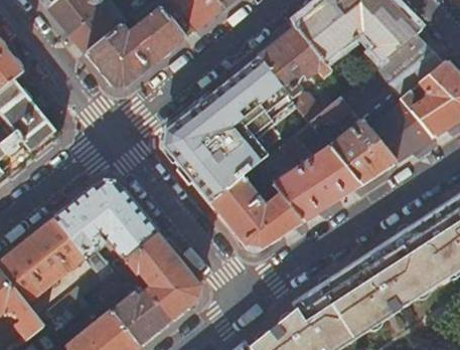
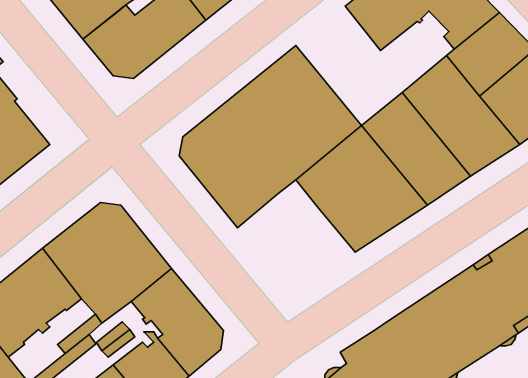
building: [256,26,346,121] -> none
building: [209,175,303,248] -> none

